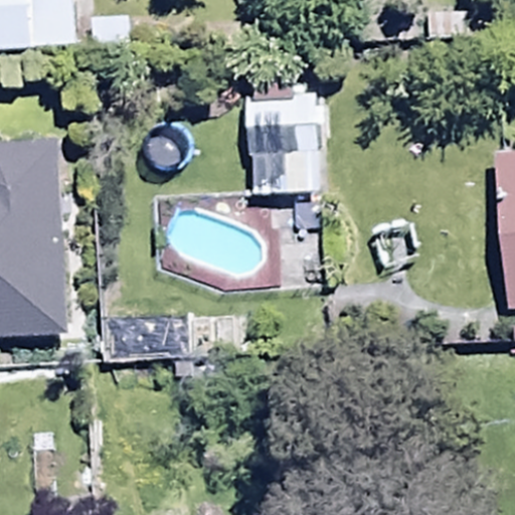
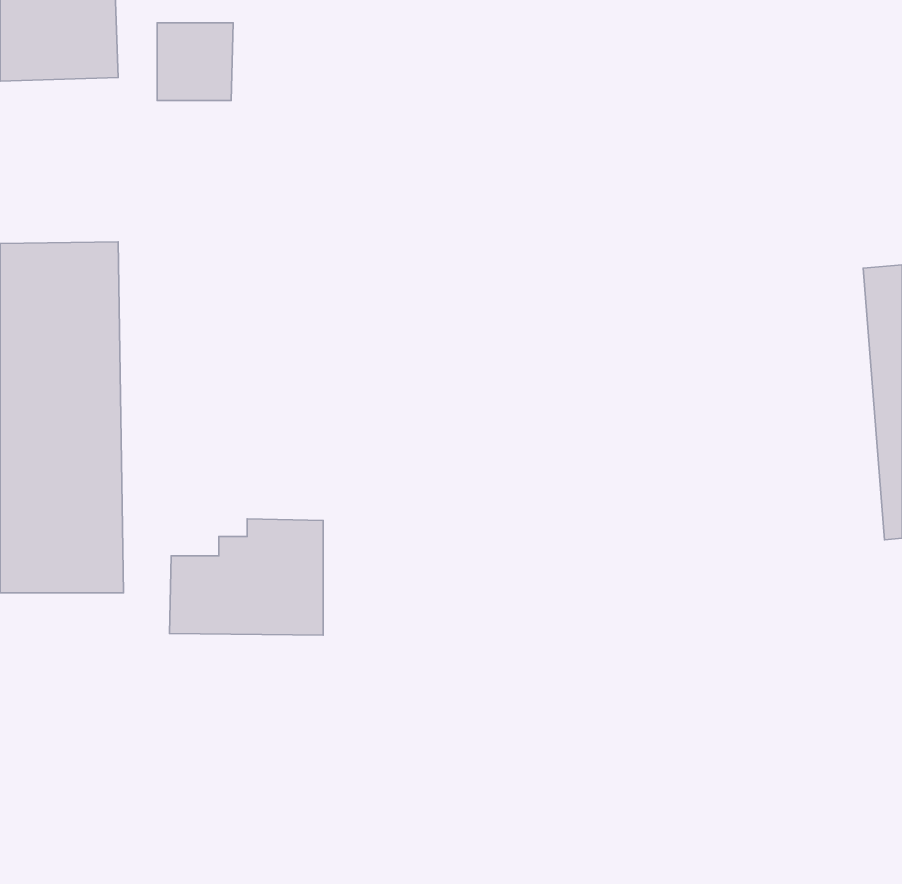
building: [244,63,320,197] -> none

